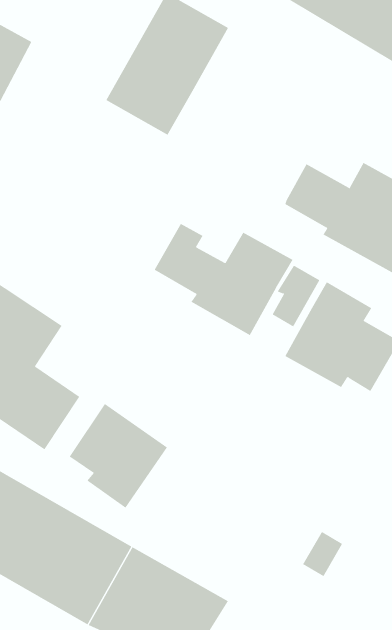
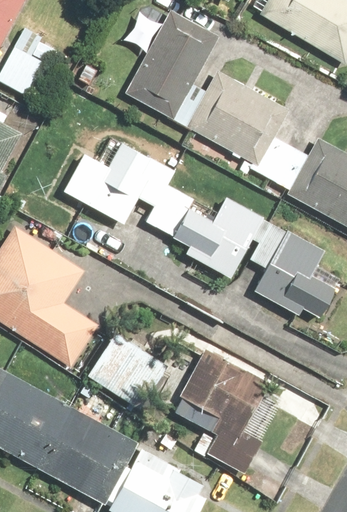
building: none -> [173,69,288,166]
building: none -> [58,136,171,228]
building: none -> [169,347,269,475]

